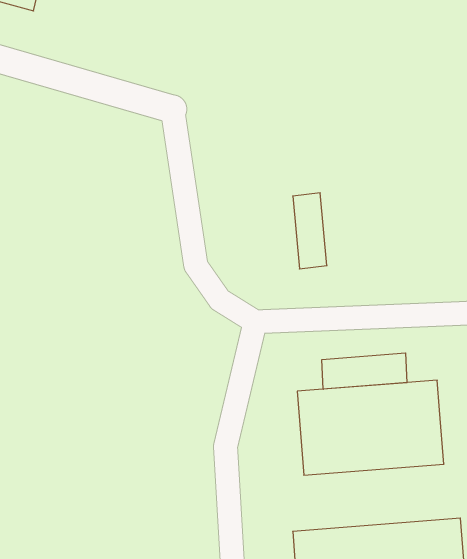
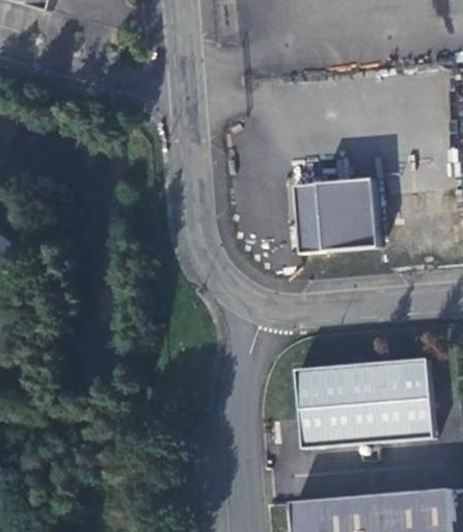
building: none -> [317,178,378,250]
building: [322,353,407,389] -> none

